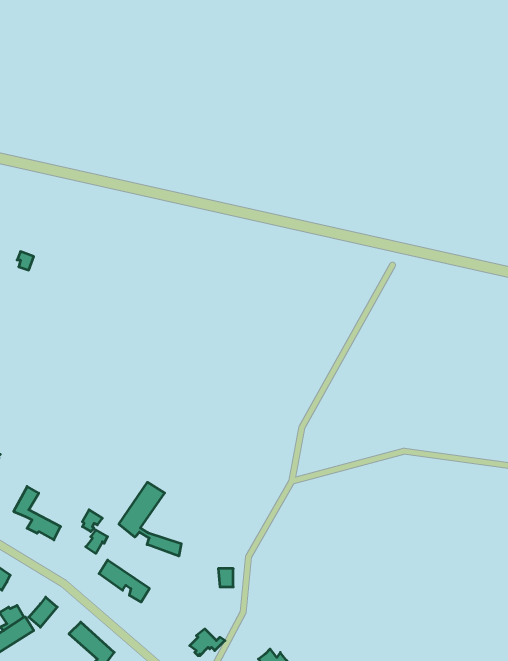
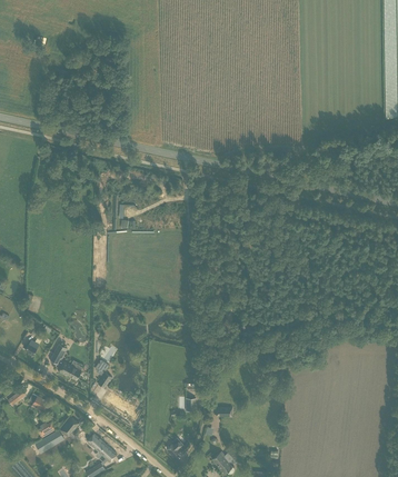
building: [119,482,181,556] -> none

